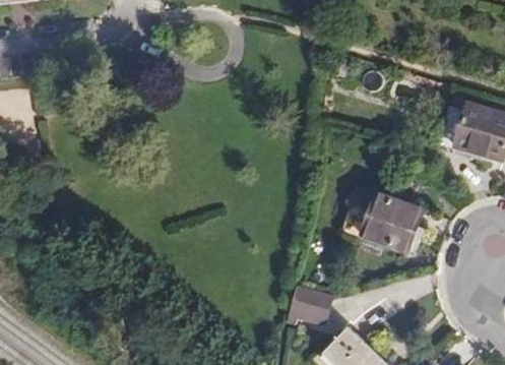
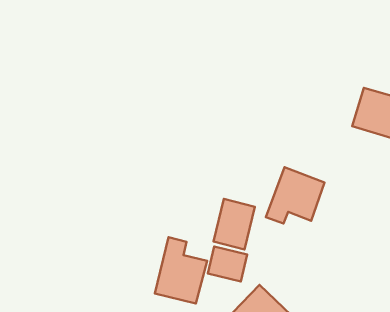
building: none -> [214,199,255,250]
building: none -> [155,237,207,304]

